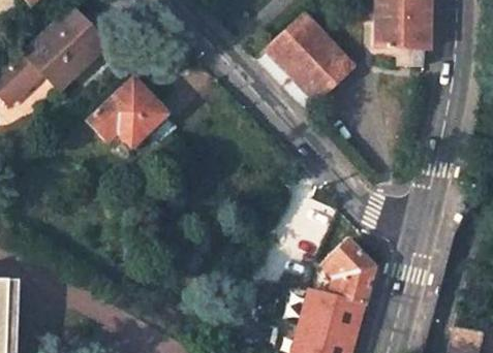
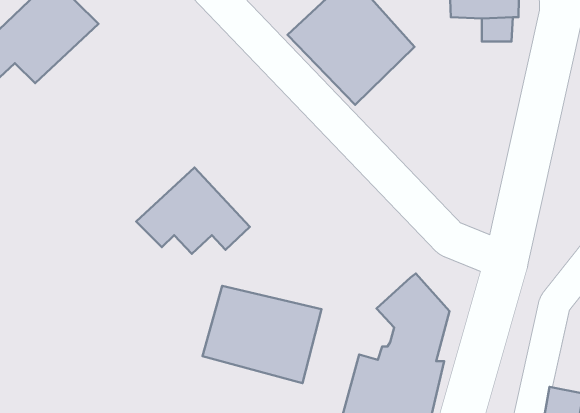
building: [91,82,178,148] -> [136,168,250,254]
building: none -> [203,286,321,383]

